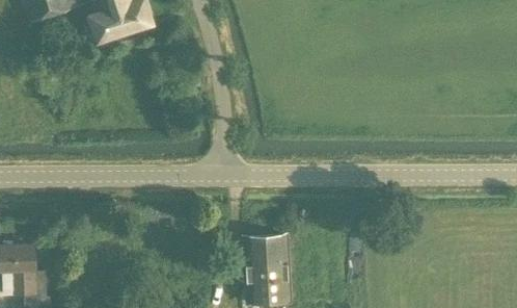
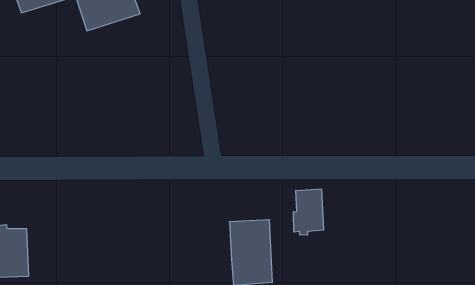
building: none -> [294,189,323,235]

